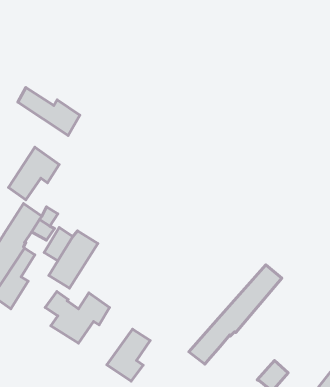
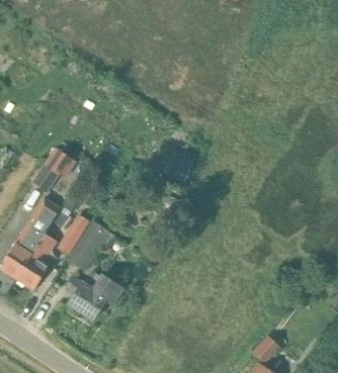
building: [18,88,80,136] -> none
building: [189,265,282,364] -> none
building: [107,329,150,381] -> none

